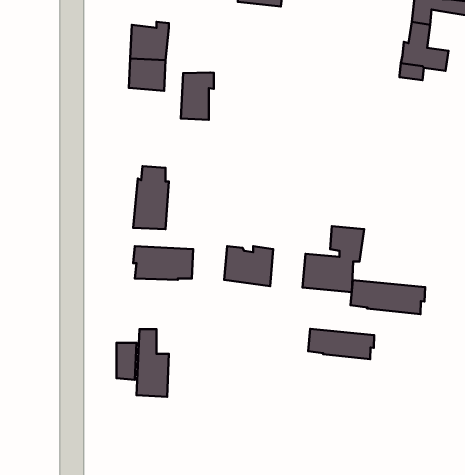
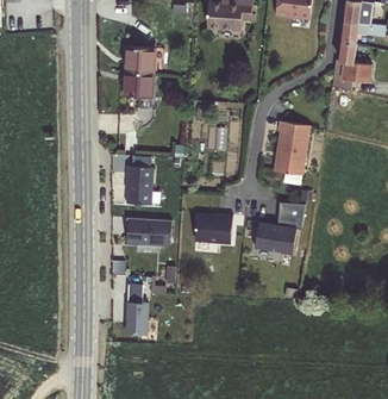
building: [181,72,214,120] -> none
building: none -> [275,119,309,173]
building: [350,280,425,314] -> none
building: [308,329,374,359] -> none

